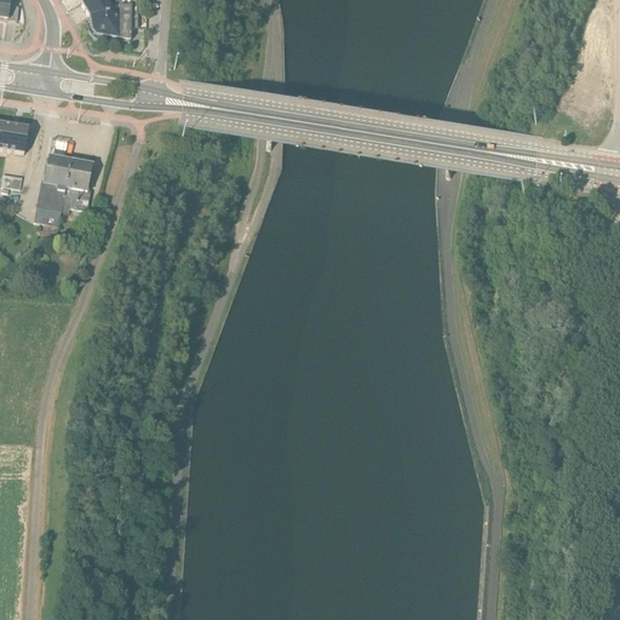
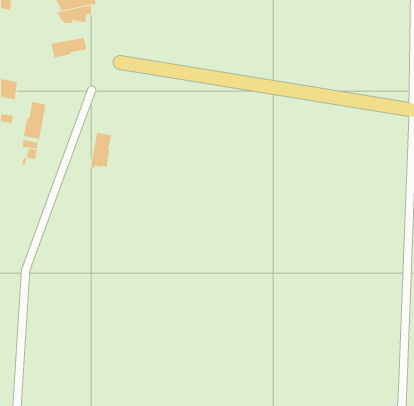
building: none -> [51,37,87,58]
building: [61,156,93,209] -> [90,133,112,168]

